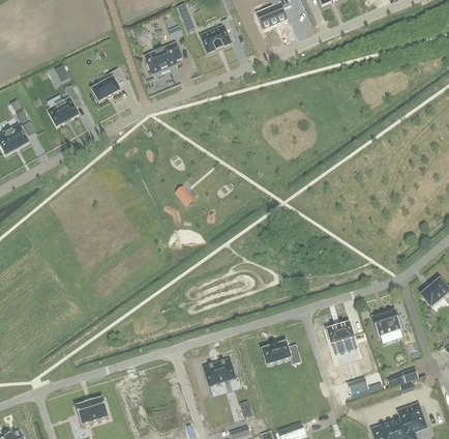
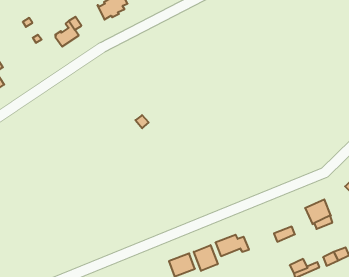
building: [46,95,79,125] -> none
building: [326,321,354,344] -> none
building: none -> [194,245,218,271]

